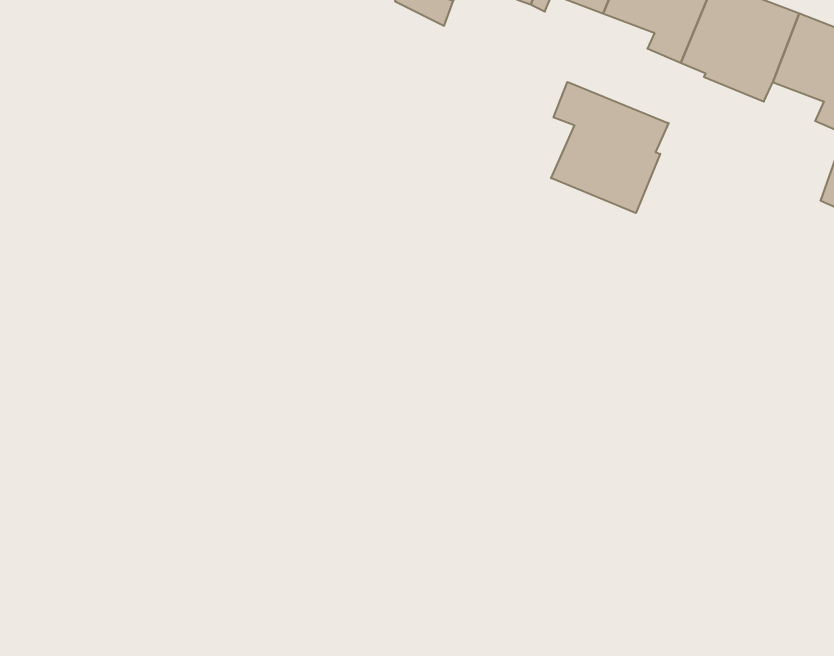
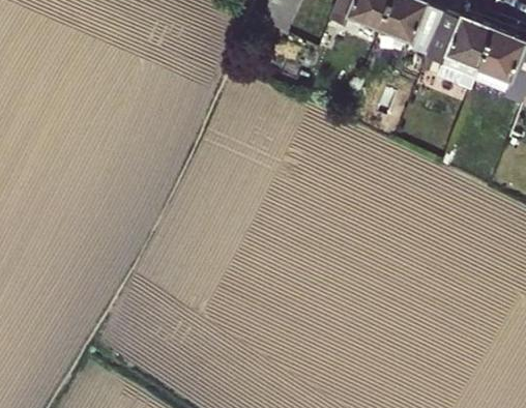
building: [551,82,669,213] -> none

